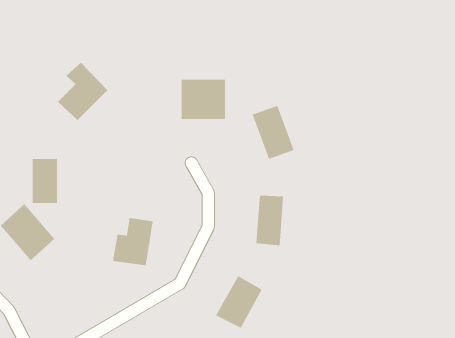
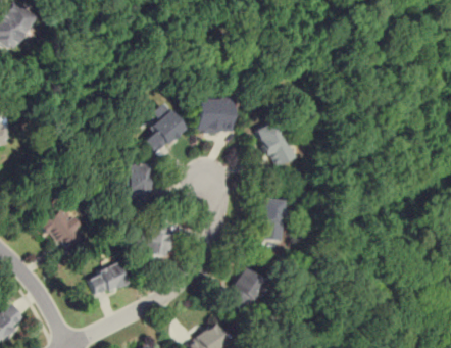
building: [57,62,108,121] -> [142,103,186,154]
building: [32,159,58,204] -> [130,163,152,202]
building: none -> [88,262,131,296]

